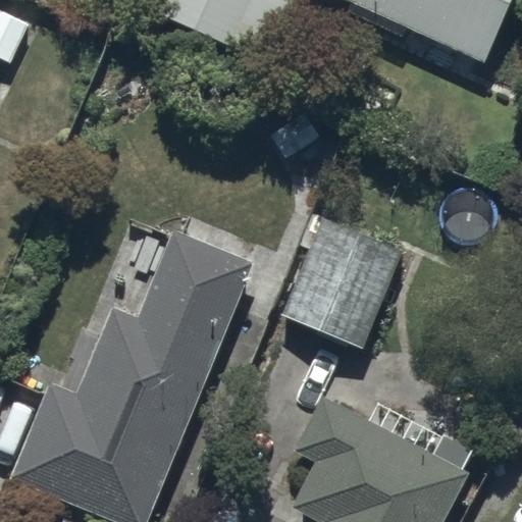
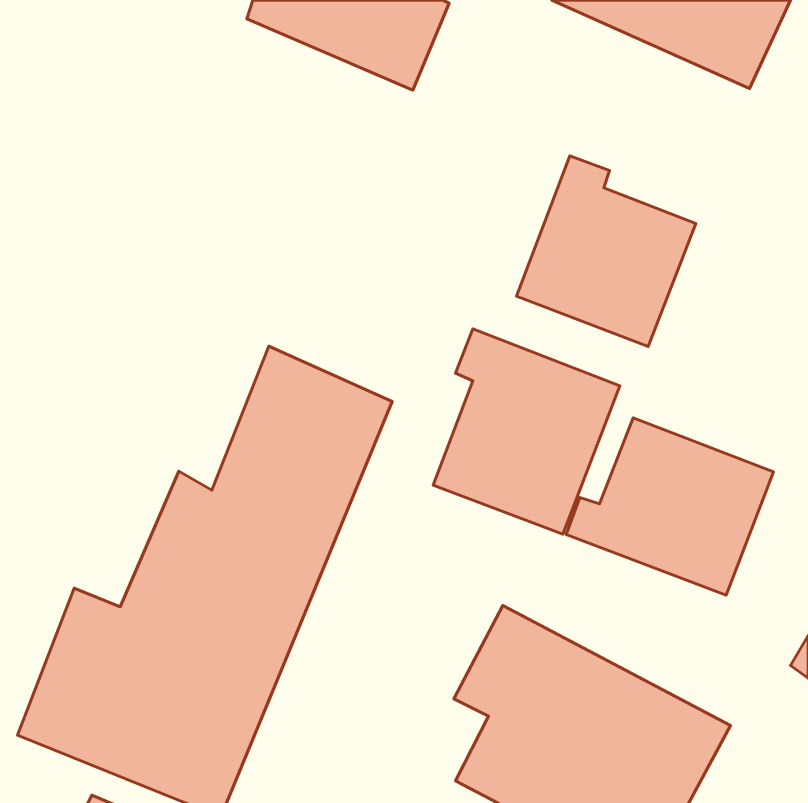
building: none -> [517,156,696,347]
building: none -> [566,418,773,595]

